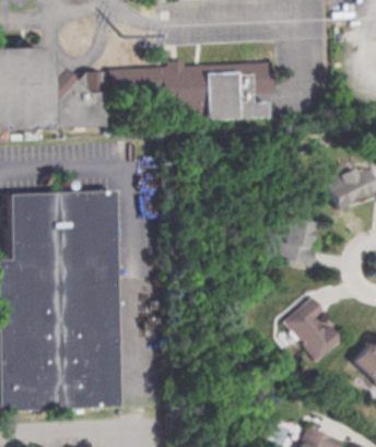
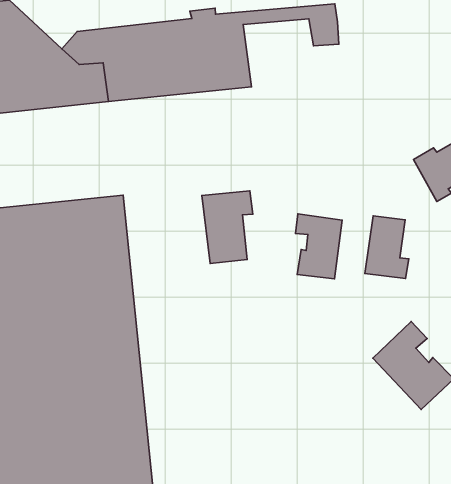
building: [208,71,273,118] -> none
building: none -> [202,191,253,263]
building: none -> [295,214,342,279]

